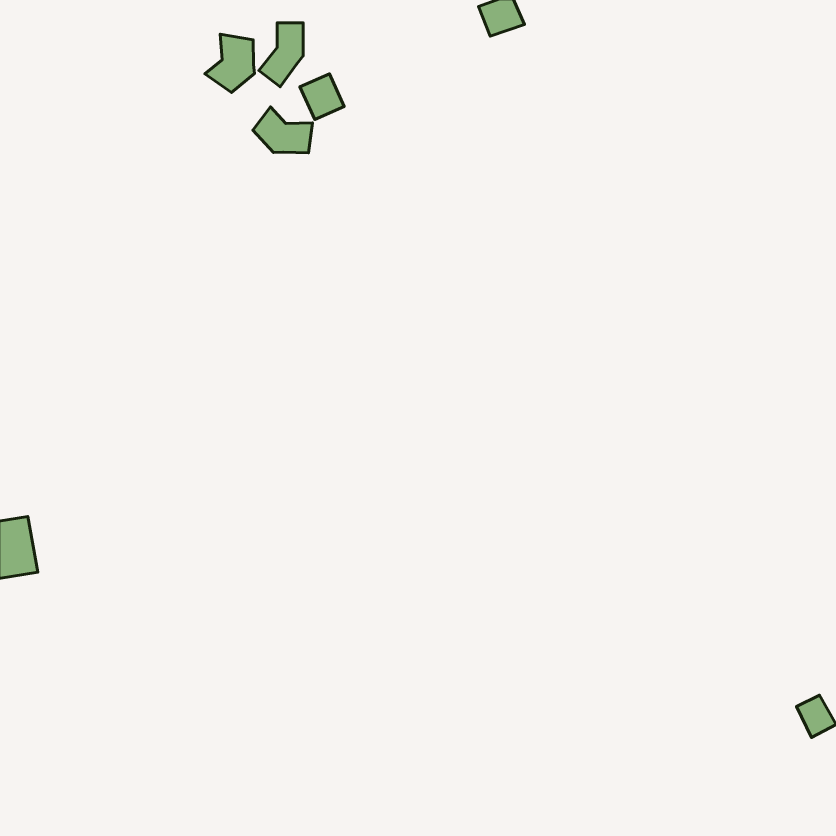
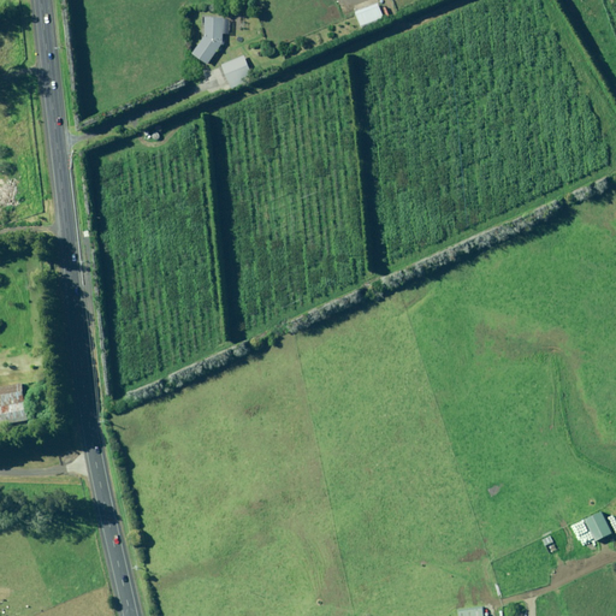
building: [205,34,254,92] -> none
building: [253,107,313,153] -> none

